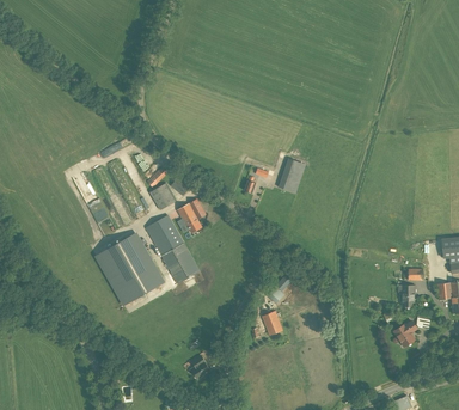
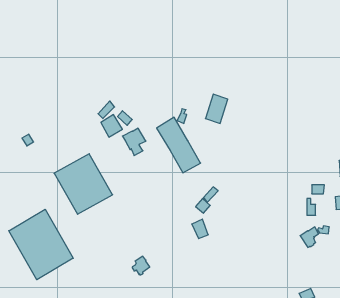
building: [146,215,200,283] -> [157,117,201,173]
building: none -> [9,209,73,280]

